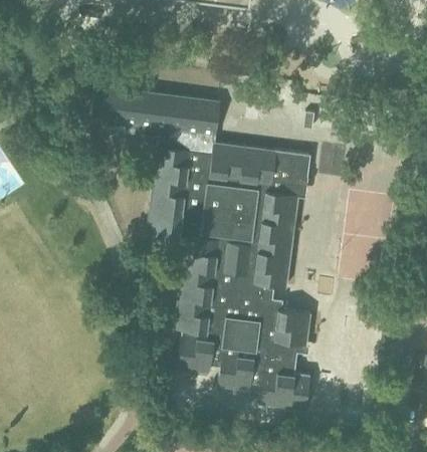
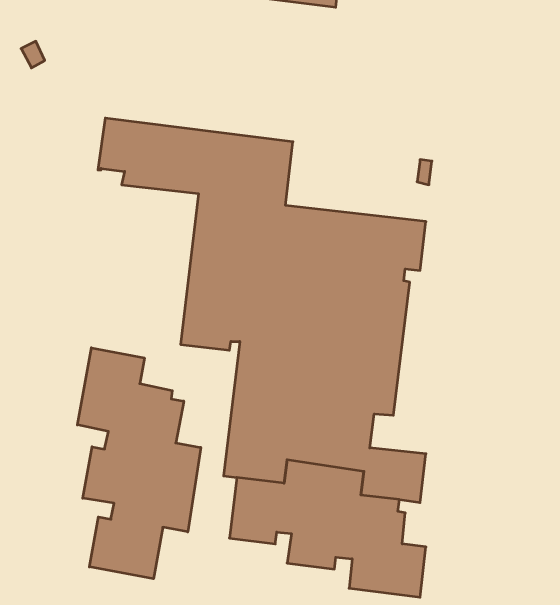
building: none -> [77,348,201,579]

